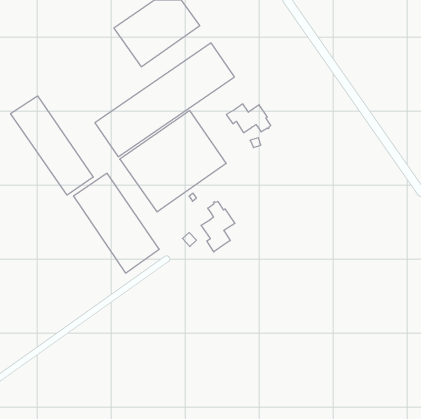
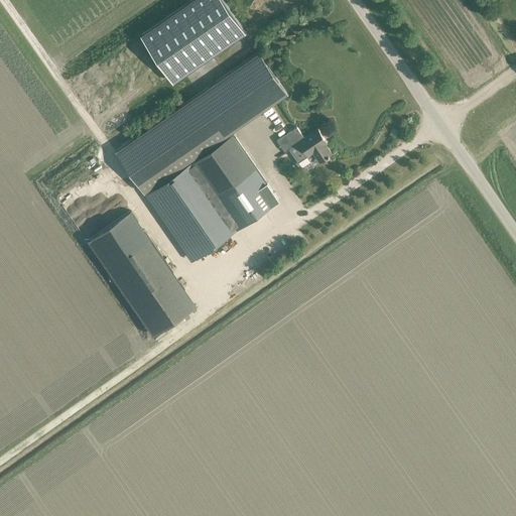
building: [11,96,93,195] -> none
building: [201,201,235,252] -> none

